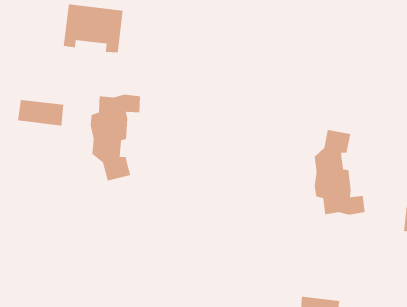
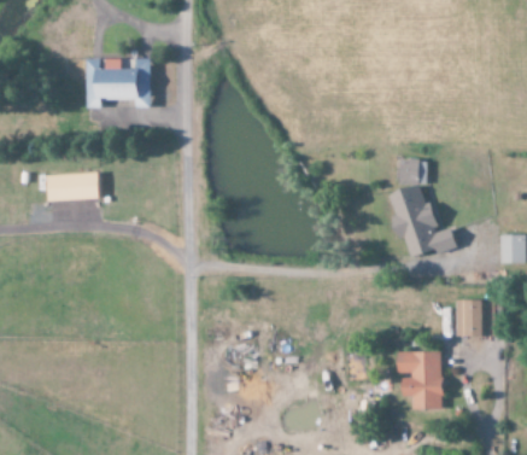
building: [90,94,141,181] -> none
building: none -> [456,299,494,337]

